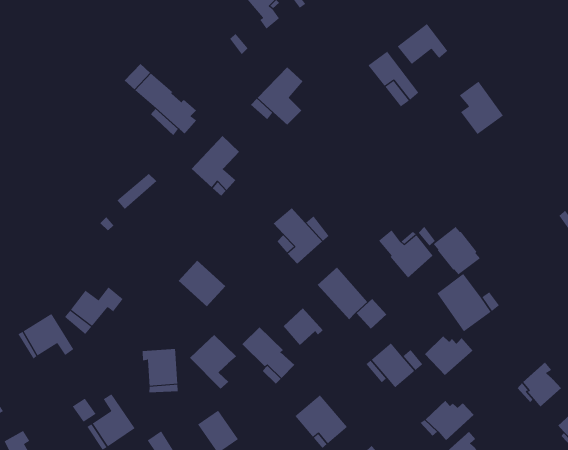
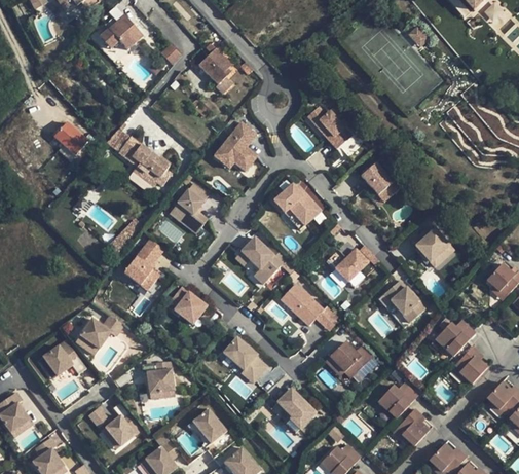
building: [397,23,448,65] -> none
building: none -> [53,123,85,154]
building: [459,81,504,135] -> [361,161,399,206]
building: none -> [274,183,321,224]
building: none -> [124,238,163,289]
building: [433,226,481,275] -> [412,224,452,264]
building: [283,307,324,346] -> none
building: [189,334,237,390] -> none
building: [424,336,473,376] -> [436,322,476,355]

